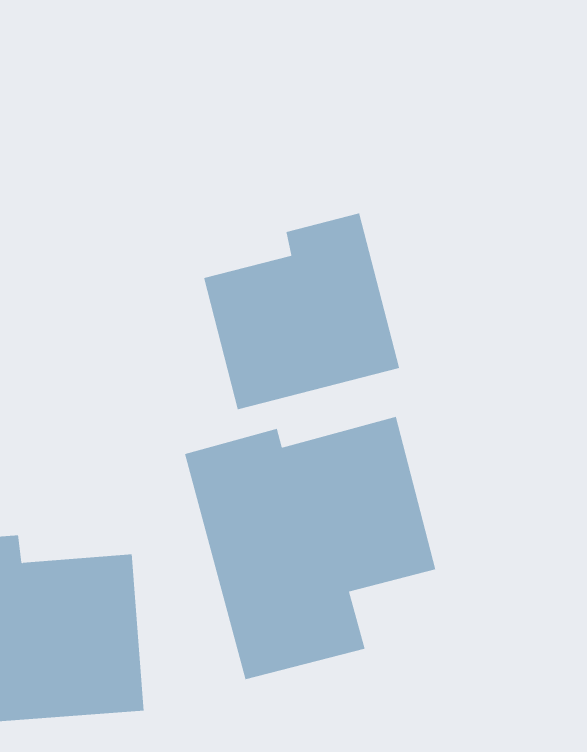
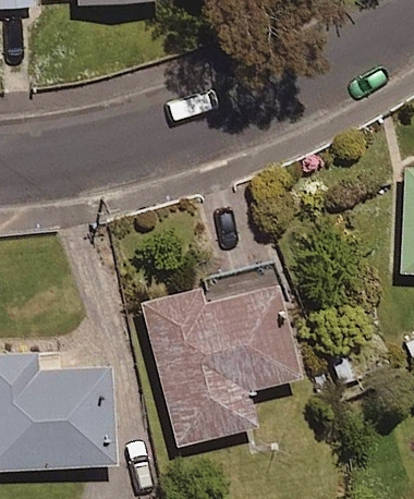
building: [203,213,400,410] -> none

